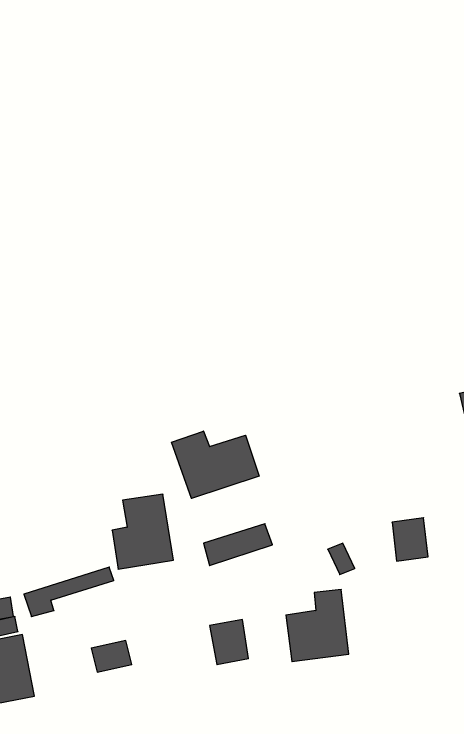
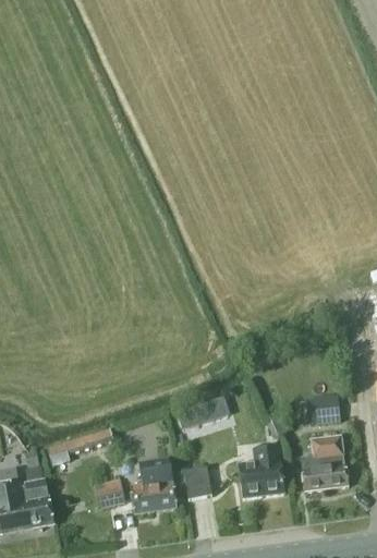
building: [172,431,259,498] -> none
building: [112,494,173,569] -> [131,457,175,511]
building: none -> [300,434,346,488]

